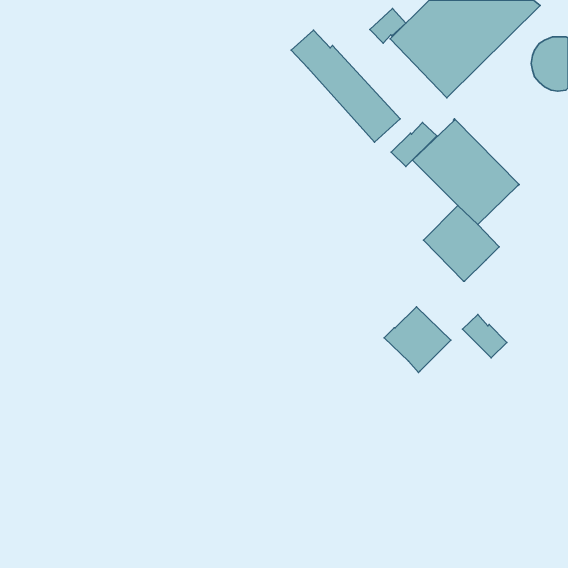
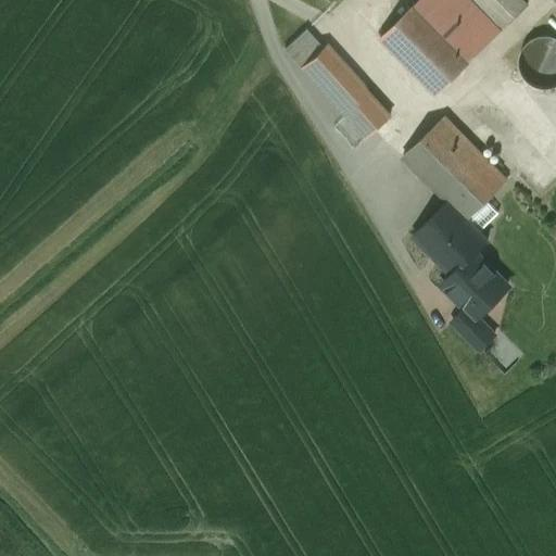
building: [370,9,406,43] -> none
building: [391,122,437,167] -> none
building: [384,307,451,372] -> [443,254,508,318]

